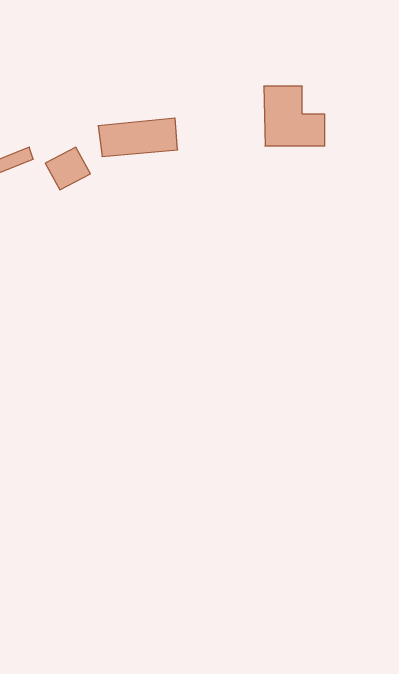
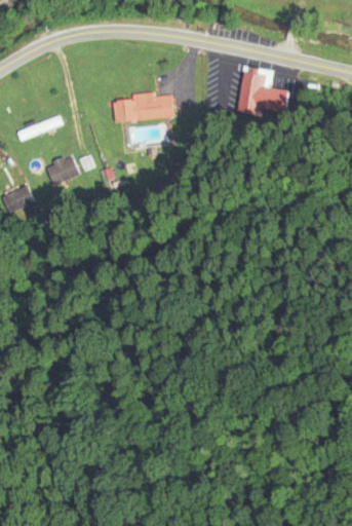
building: [45,147,90,190] -> [45,155,80,188]

